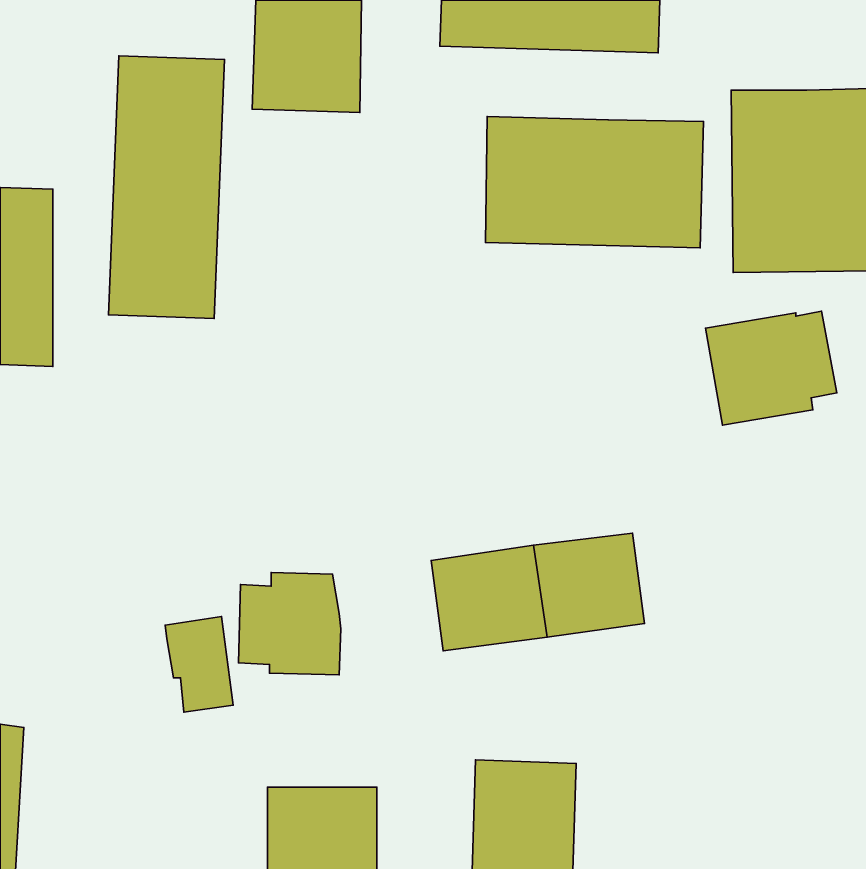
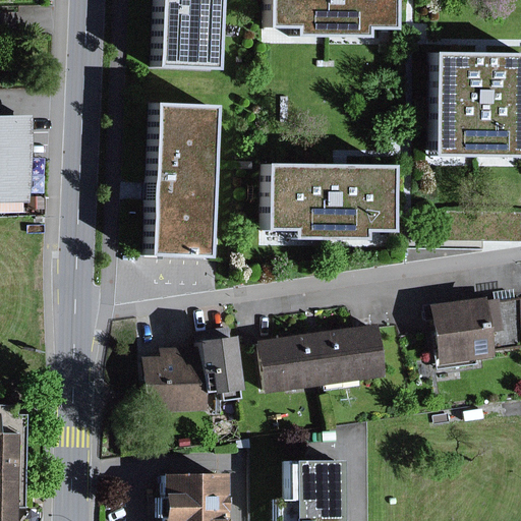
building: [109,56,224,318] -> [144,102,214,258]
building: [485,116,704,248] -> [267,166,397,244]
building: [705,311,837,425] -> [431,294,510,362]
building: [165,617,233,712] -> [200,331,241,388]

